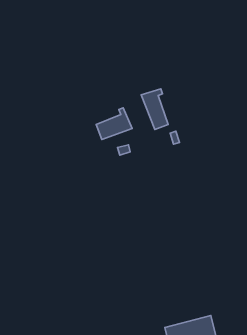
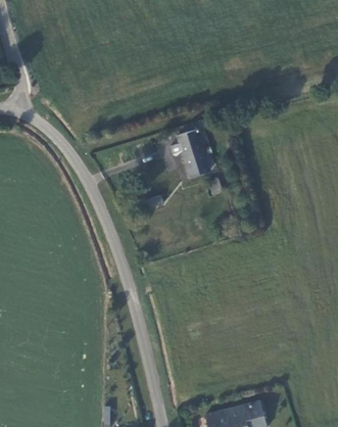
building: [96,108,132,140] -> none

